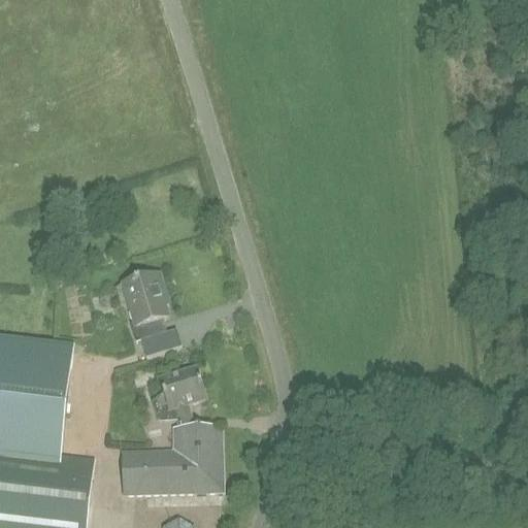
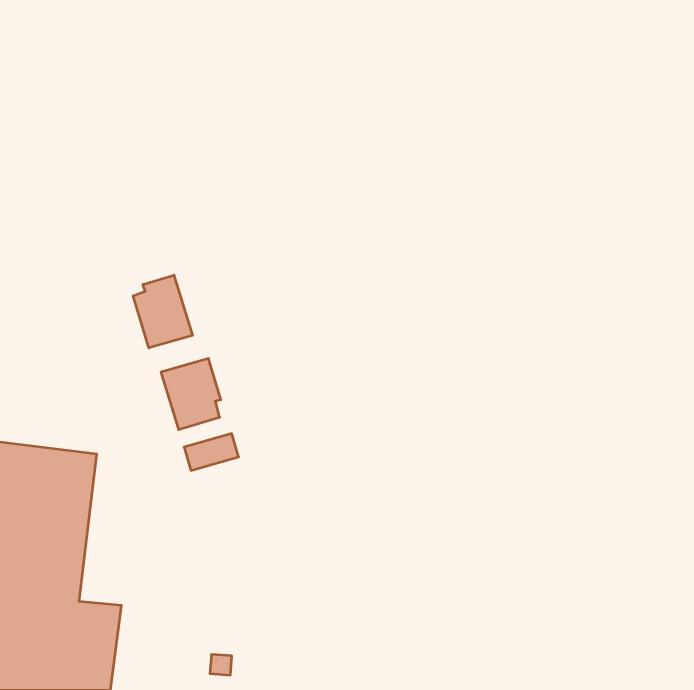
building: none -> [133,275,193,348]
building: [122,367,223,494] -> none

